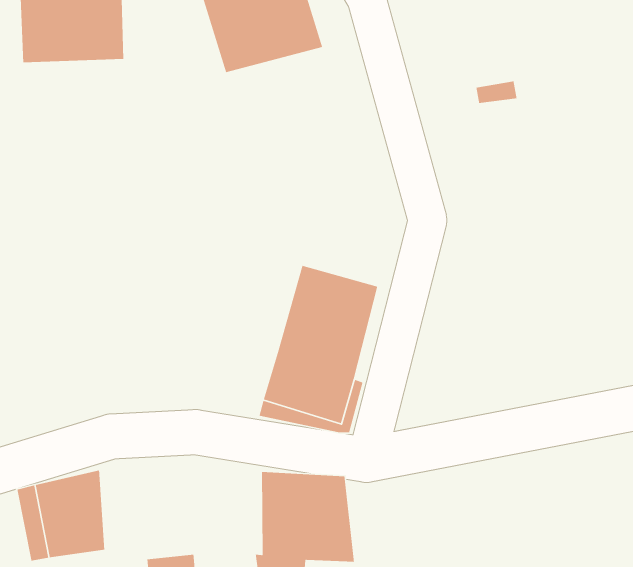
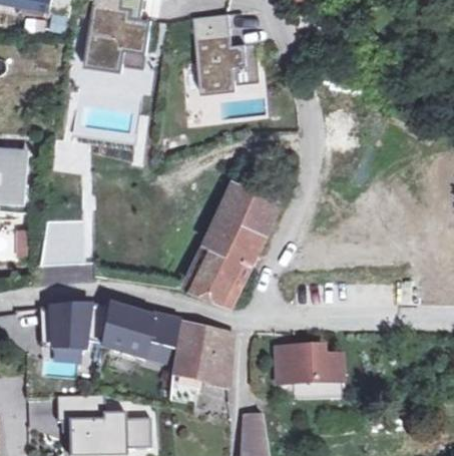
building: none -> [225,181,280,224]
building: none -> [99,304,176,355]
building: none -> [275,345,339,378]

